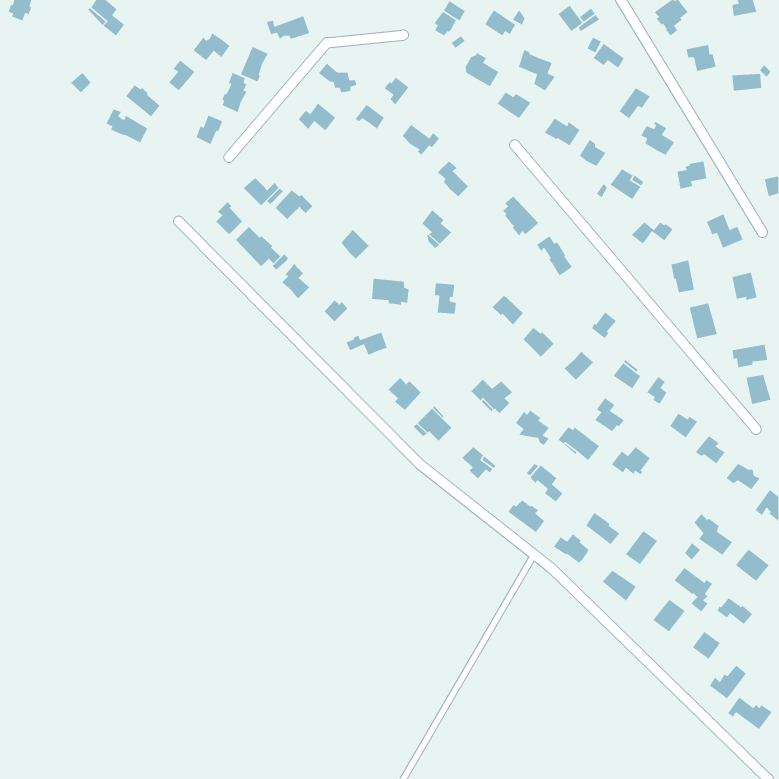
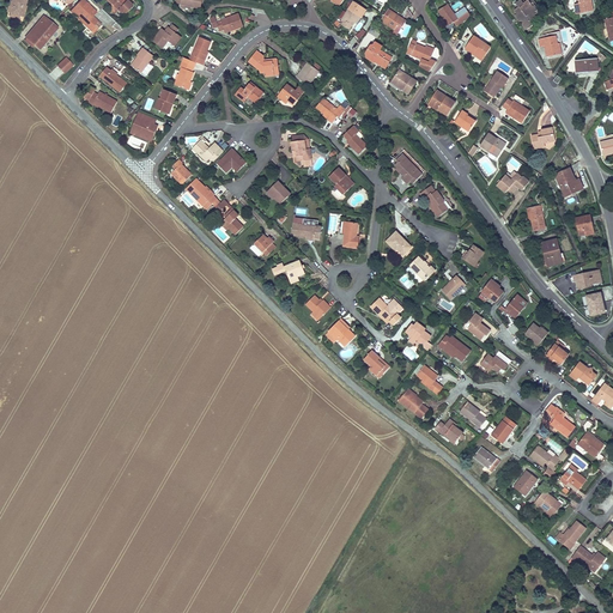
building: none -> [23,14,57,49]
building: none -> [128,111,157,141]
building: none -> [290,133,315,166]

